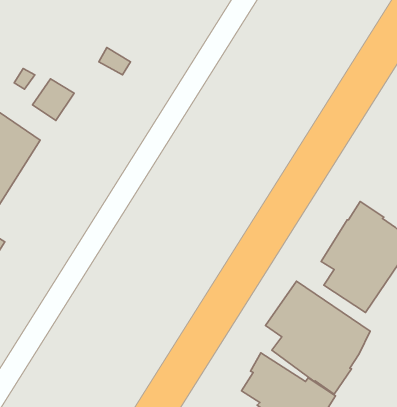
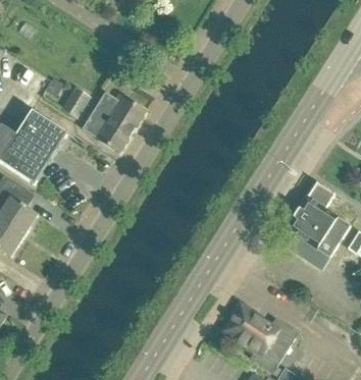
building: none -> [81,89,146,152]
building: [265,281,370,394] -> none

